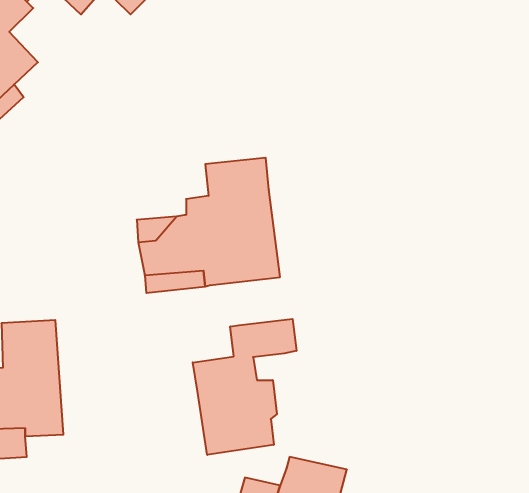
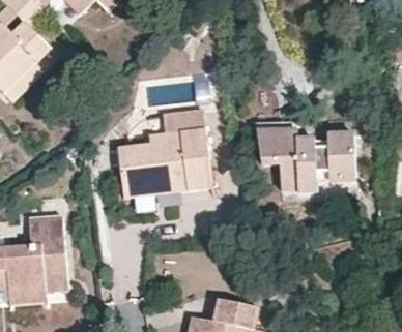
building: none -> [275,128,360,190]
building: [193,319,296,455] -> none

